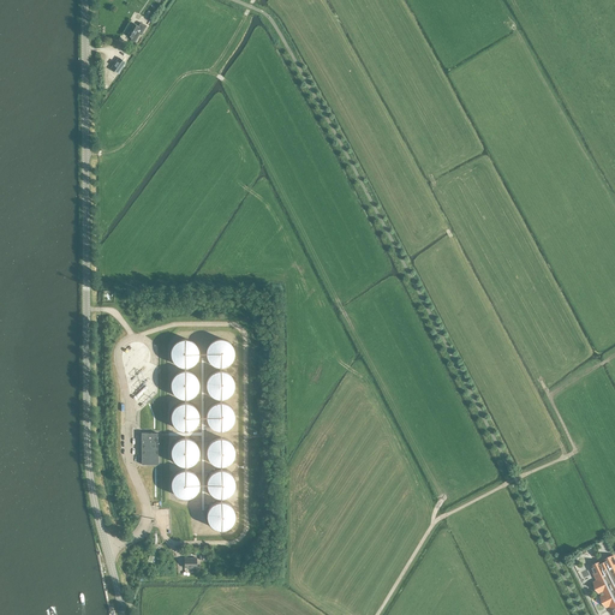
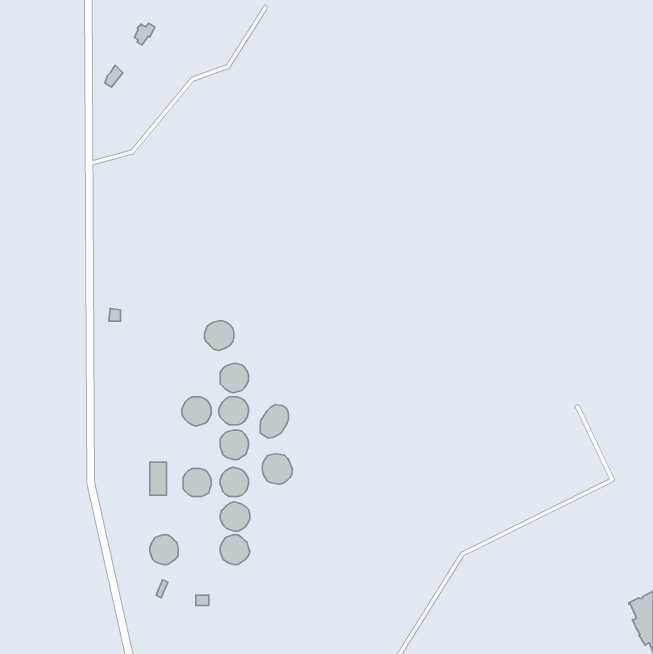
building: [171,341,198,369] -> [205,321,234,350]
building: none -> [260,405,289,438]
building: [171,404,198,431] -> none
building: none -> [262,454,292,484]
building: [171,471,197,498] -> [150,535,178,564]

